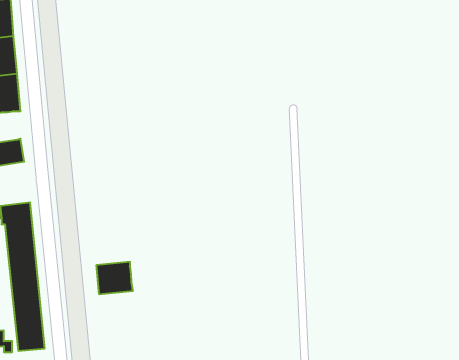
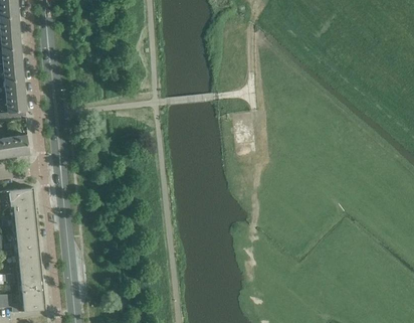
building: [97,262,133,294] -> none

